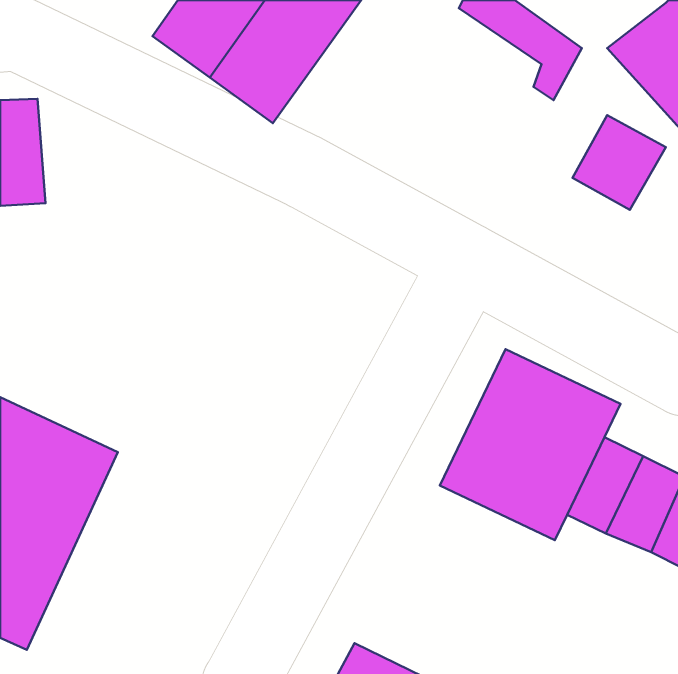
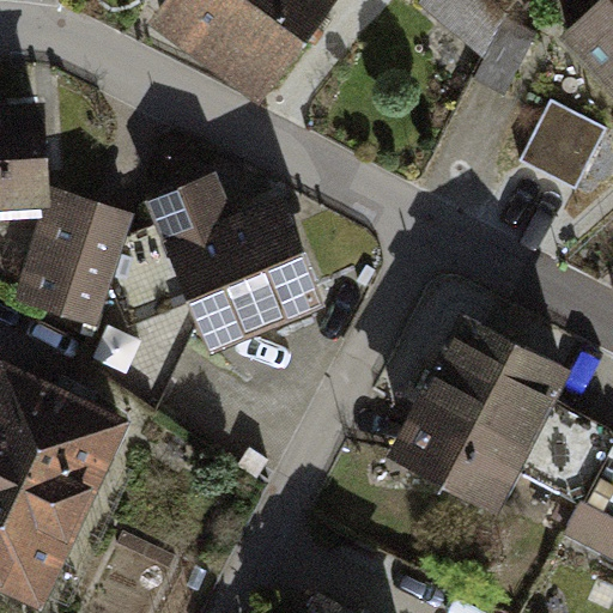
building: none -> [146,170,320,345]
building: none -> [23,188,131,315]

